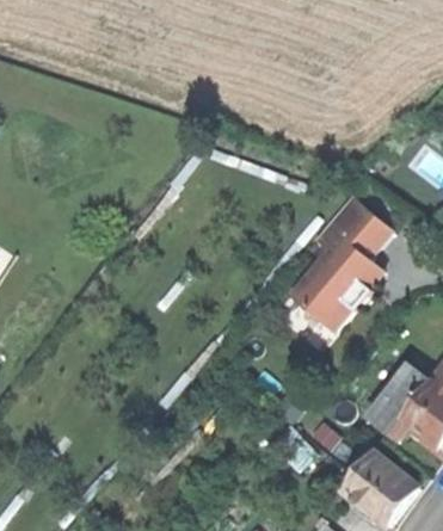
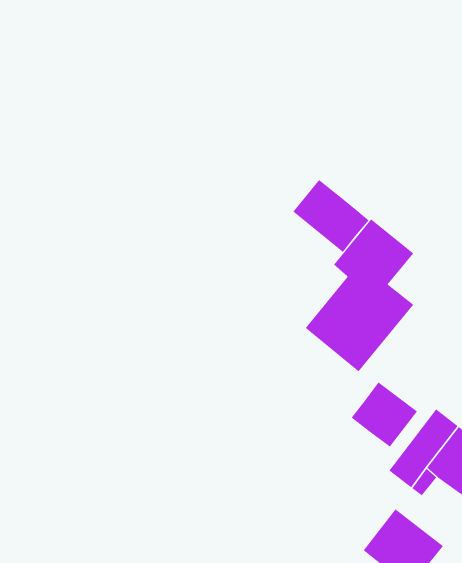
building: none -> [293,179,370,253]
building: none -> [351,381,418,448]

